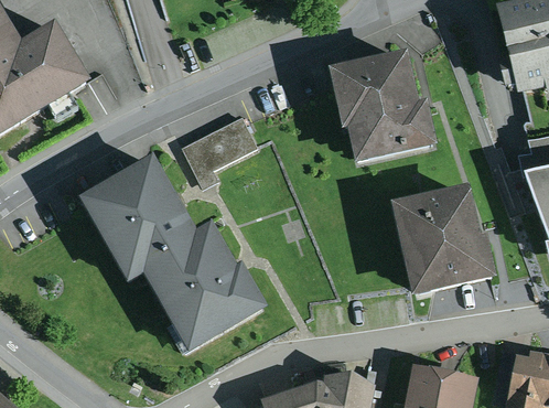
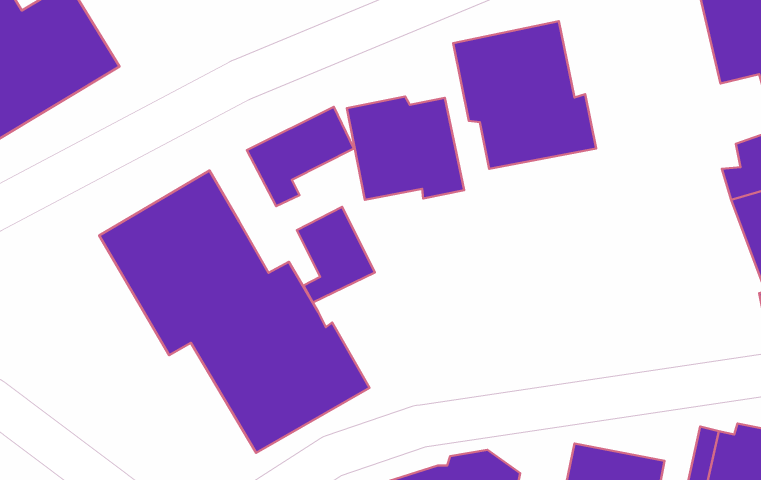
building: none -> [347,96,464,200]
building: none -> [297,207,375,302]
building: [389,187,498,302] -> none

